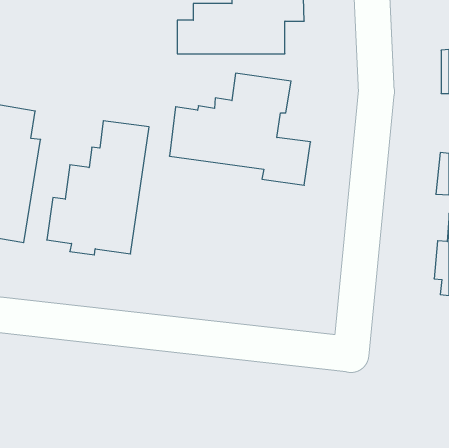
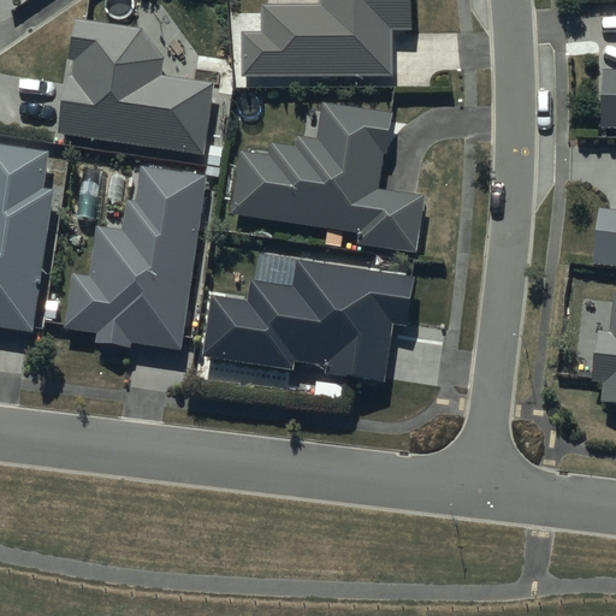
building: none -> [58,18,212,154]
building: none -> [202,257,417,384]

